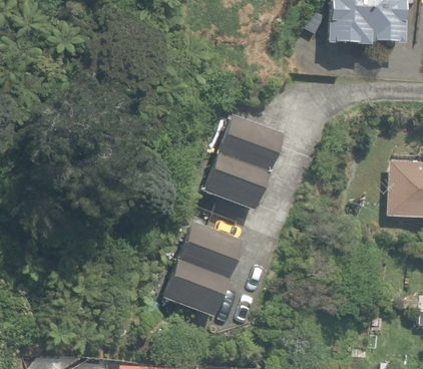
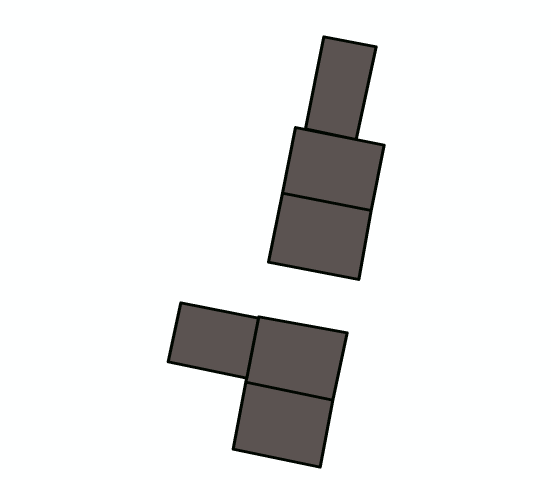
building: none -> [306,37,376,140]
building: none -> [168,303,258,378]

